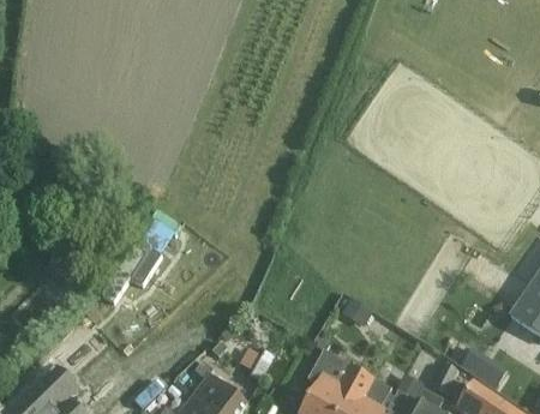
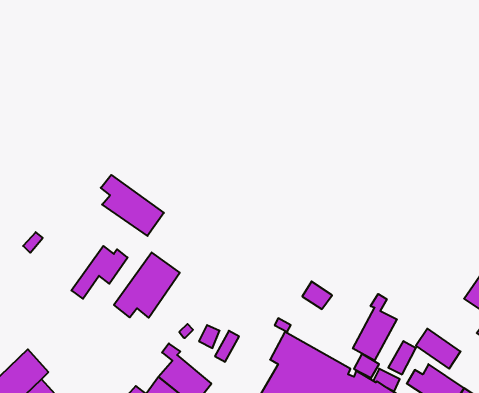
building: none -> [101,175,164,236]
building: none -> [114,252,180,318]
building: none -> [353,294,397,361]

